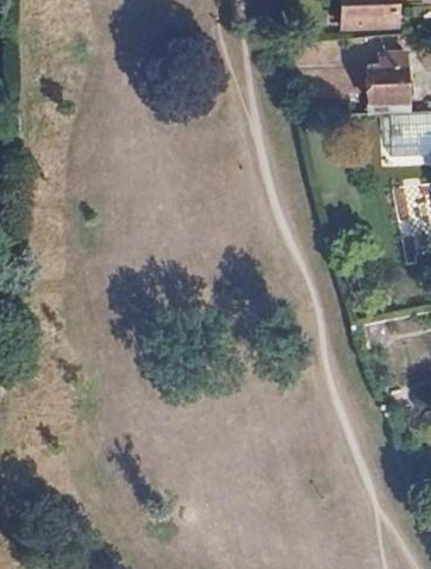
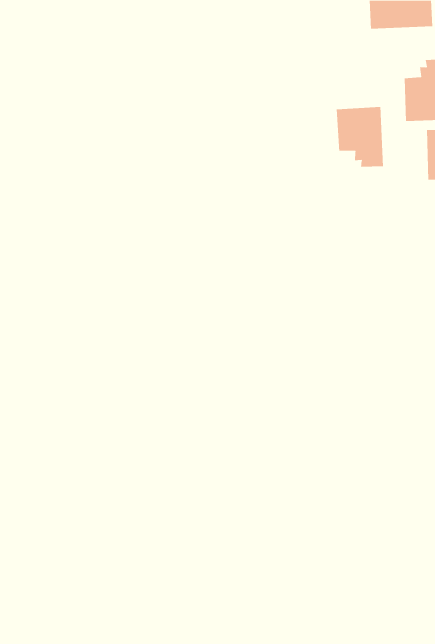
building: none -> [336,106,383,168]

